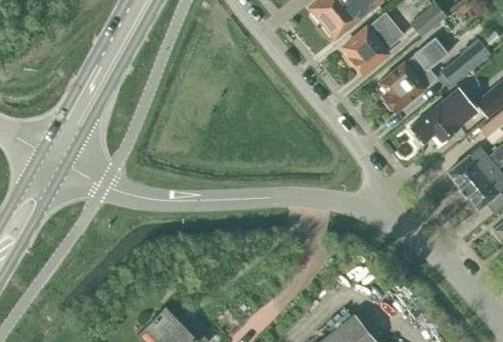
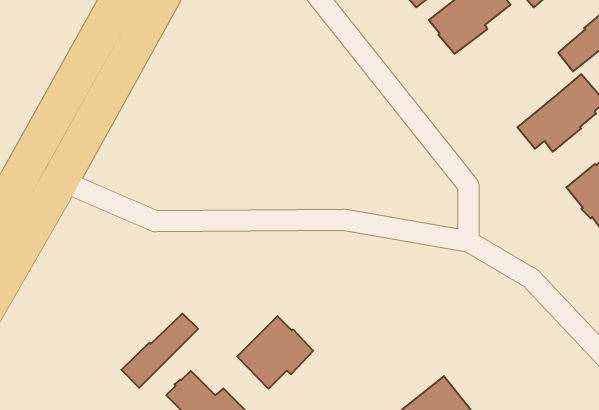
building: [379,37,449,111] -> none
building: none -> [121,314,198,388]
building: none -> [237,316,313,389]

